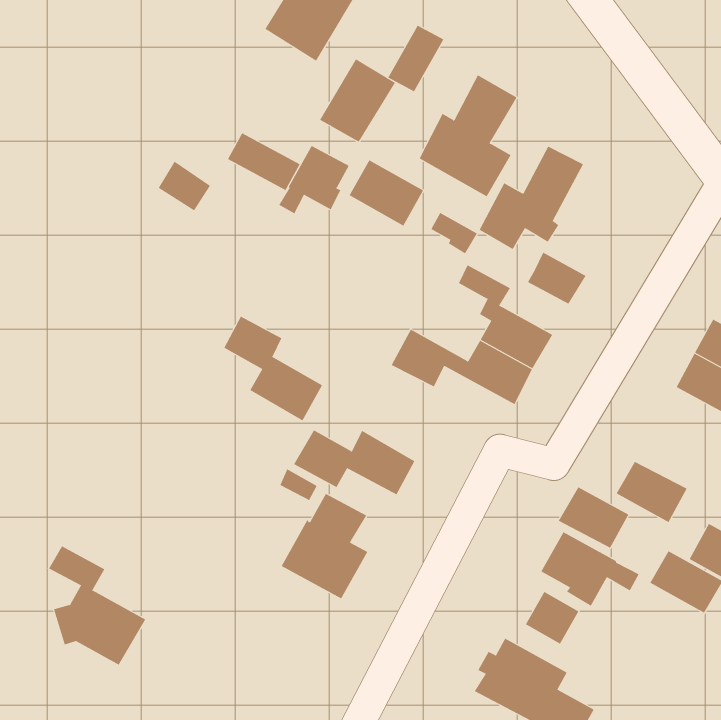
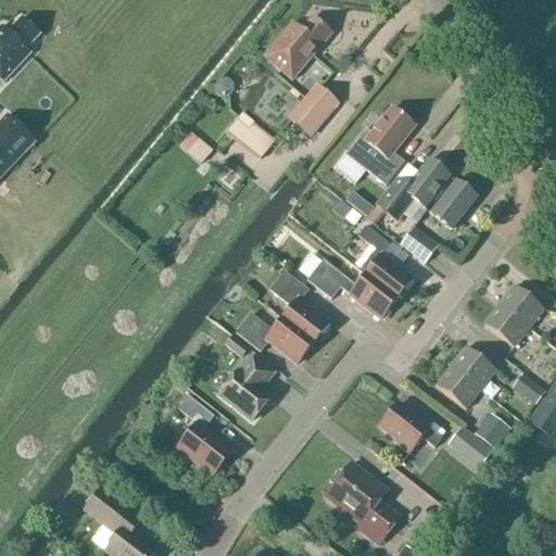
building: [388,25,444,92] -> none
building: [279,145,349,214] -> none
building: [349,159,424,226] -> none
building: none -> [431,178,477,227]
building: [223,316,323,421] -> [270,269,329,342]
building: [558,487,629,548] -> [451,345,496,388]
building: [48,545,146,665] -> [177,394,235,476]
building: [525,591,579,644] -> none

